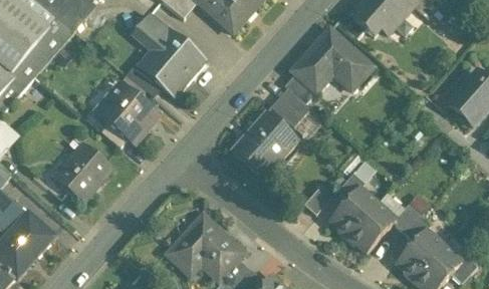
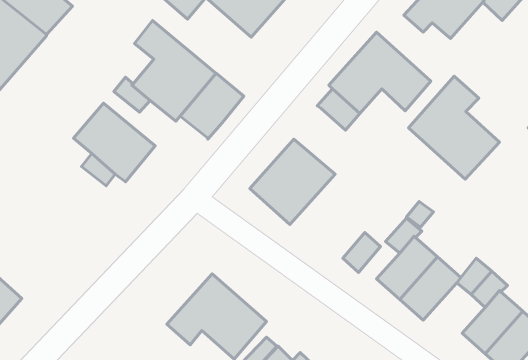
building: none -> [180,73,244,139]
building: none -> [408,76,500,179]
building: [271,87,310,126] -> none
building: [54,143,111,203] -> none

